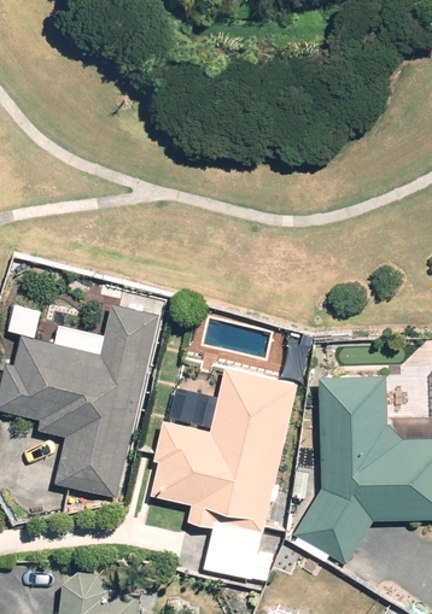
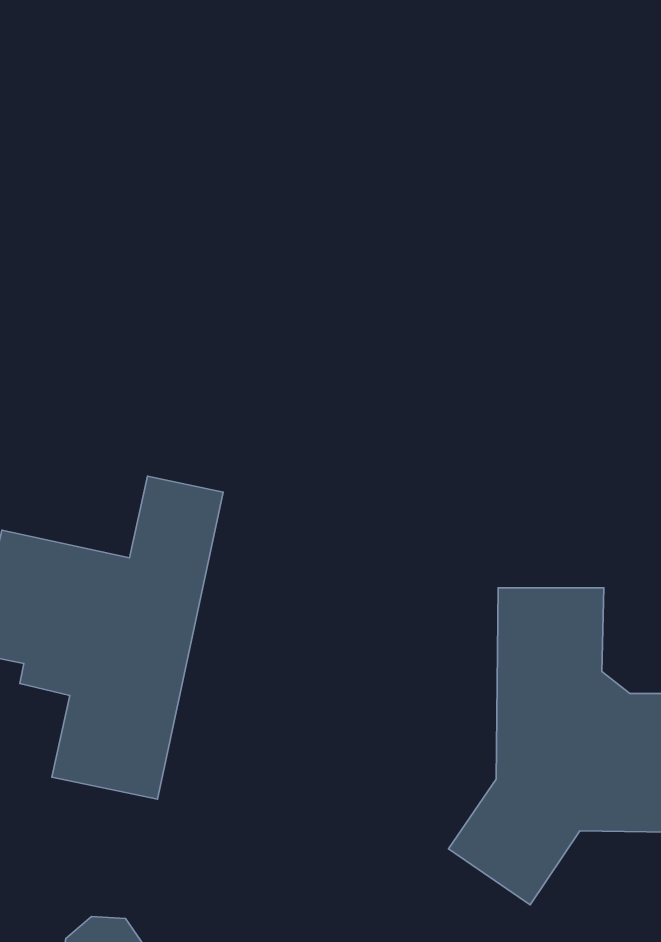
building: [148,366,297,579] -> none

